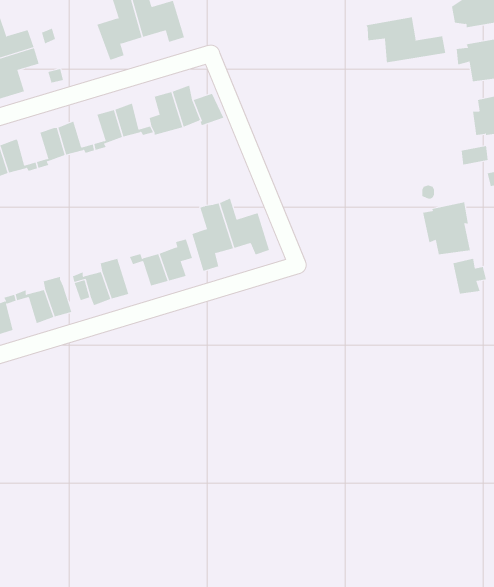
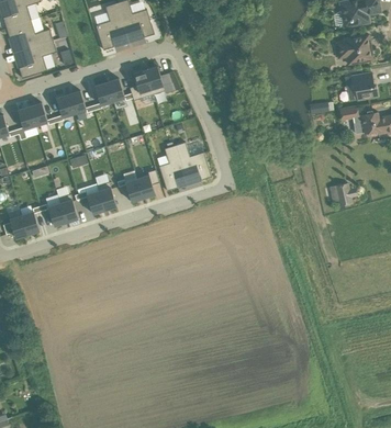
building: [365,17,446,63] -> none
building: [422,201,470,255] -> none

